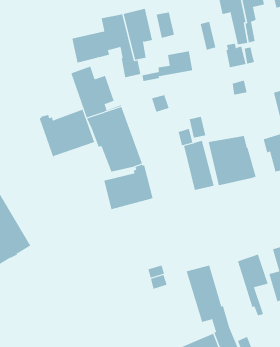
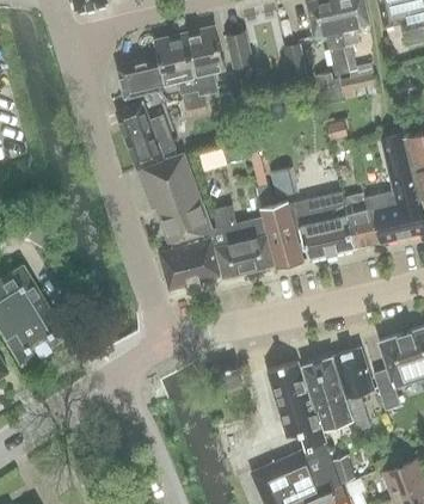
building: [142,51,193,82] -> none
building: [39,109,95,158] -> none
building: none -> [349,197,383,246]
building: none -> [214,204,277,276]
building: none -> [303,356,354,426]

